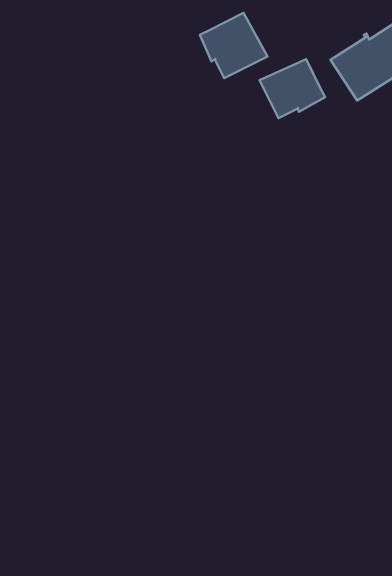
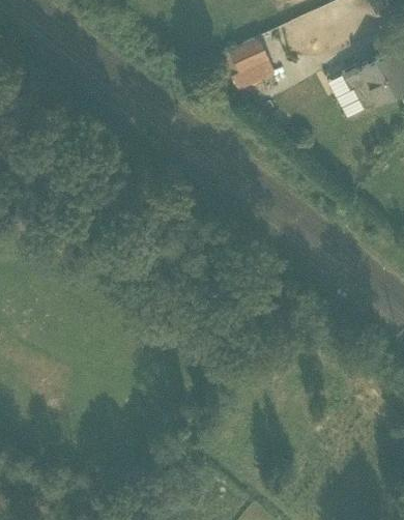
building: [260,59,325,118] -> none

